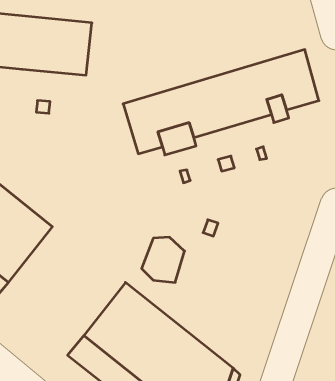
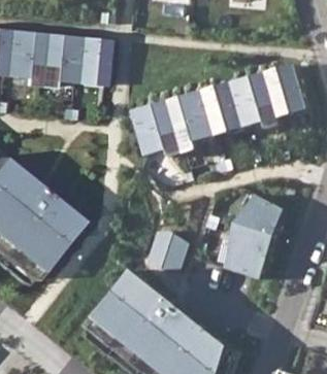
building: none -> [231,193,289,278]

